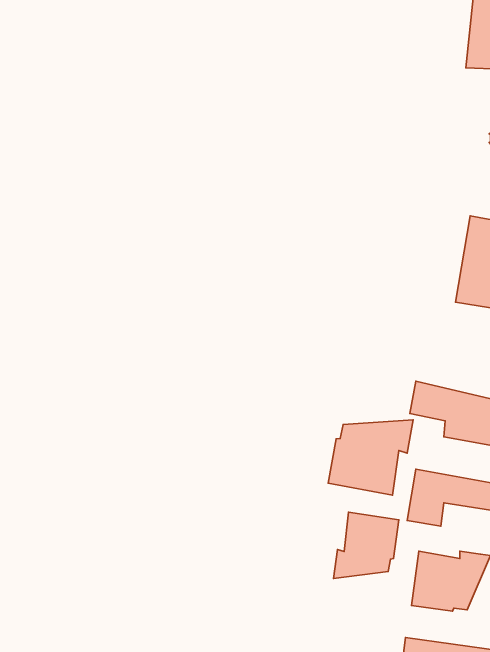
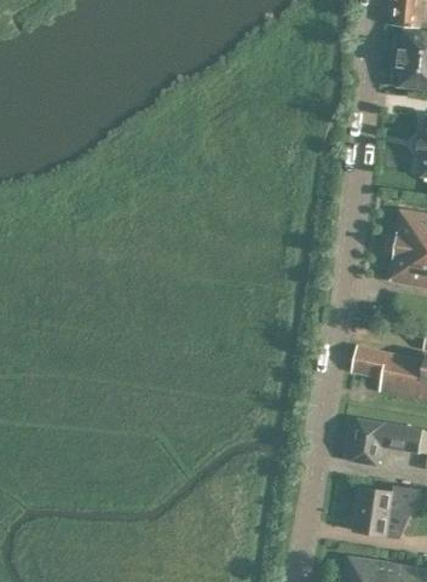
building: [328,420,413,495] -> none
building: [333,512,399,579] -> none

